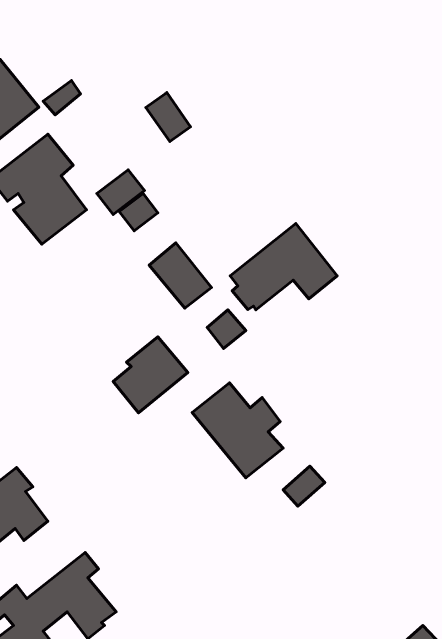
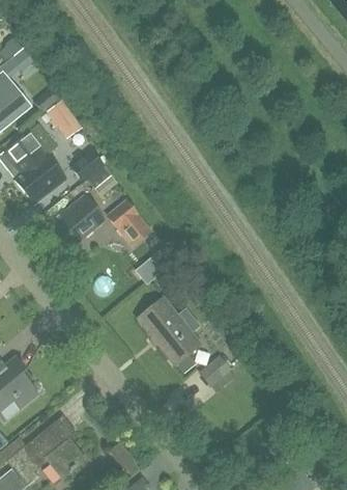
building: [146,92,191,142] -> [48,99,79,133]
building: [230,223,337,310] -> none
building: [113,337,188,413] -> [53,194,105,247]

